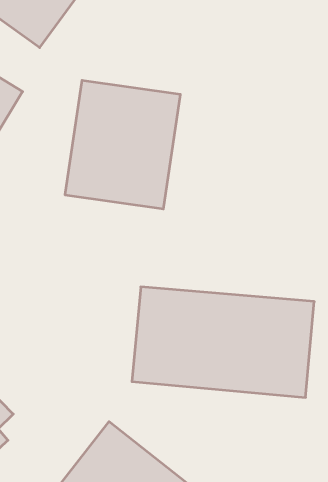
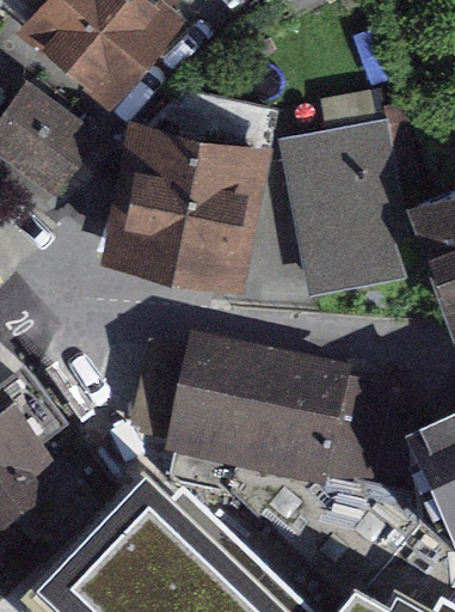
building: none -> [282,126,398,286]

